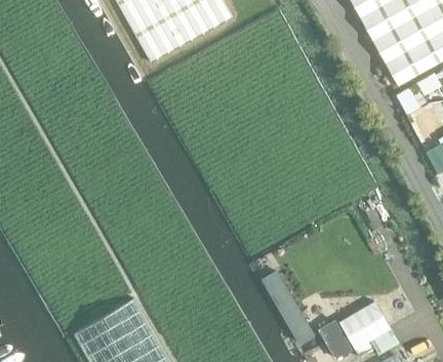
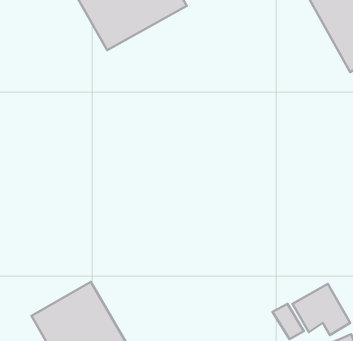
building: [264,272,314,343] -> none

